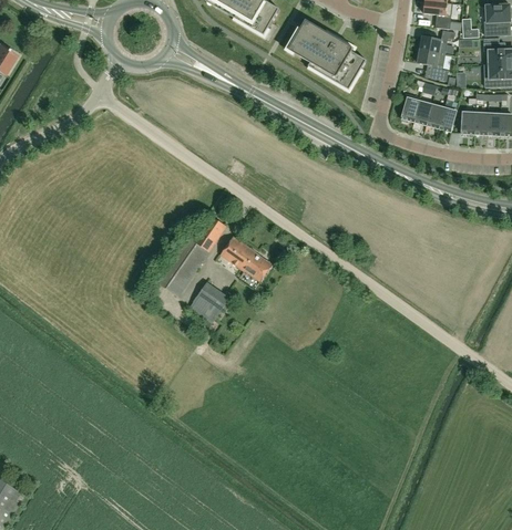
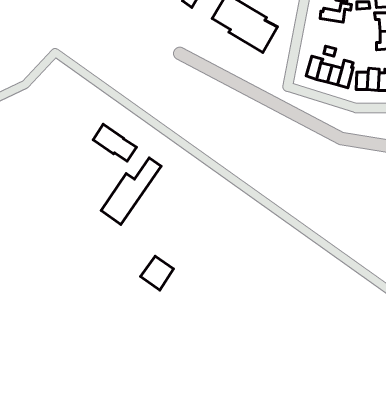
building: [416,49,448,81] -> none
building: [219,236,272,280] -> [93,124,137,161]
building: [188,282,228,323] -> [140,256,174,290]

